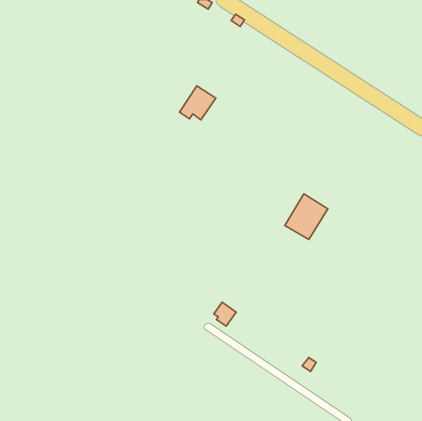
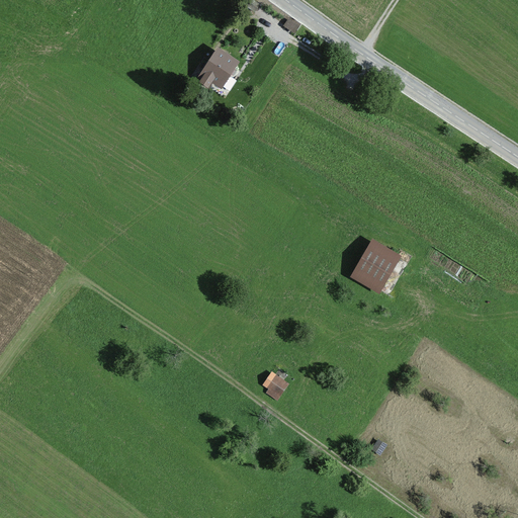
building: [180,86,216,120] -> [195,47,240,88]

